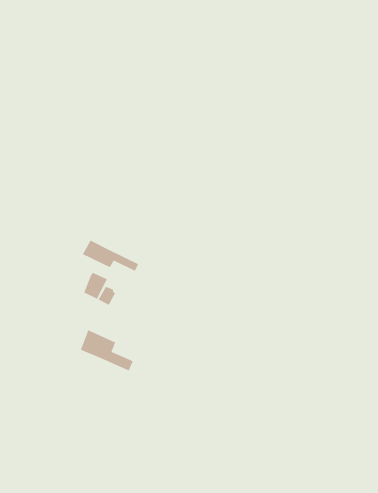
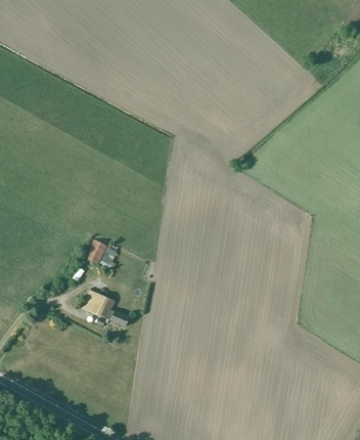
building: [82,239,139,272] -> none

